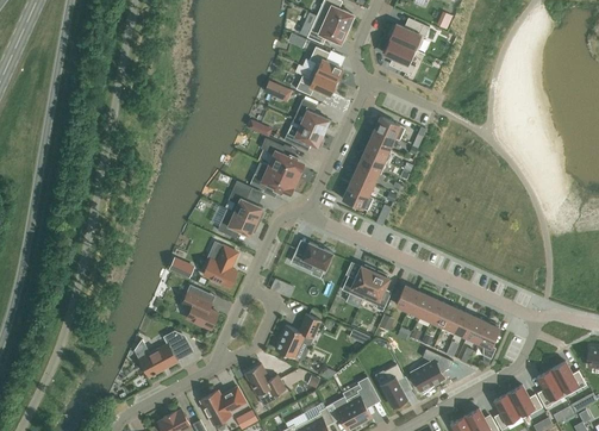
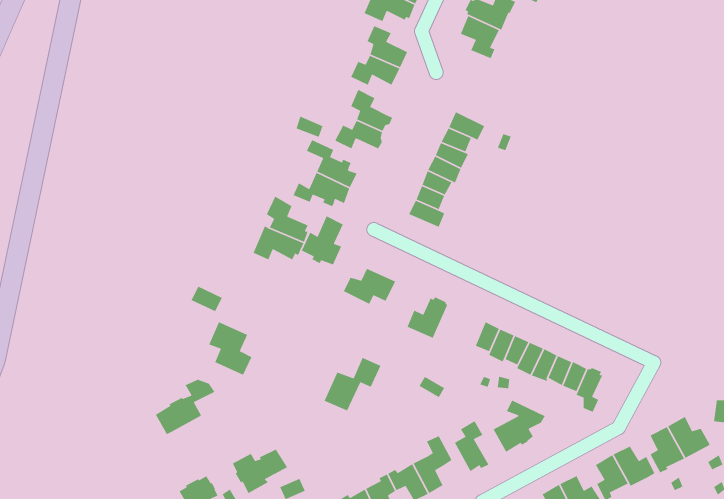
building: [204,245,238,286] -> [301,215,344,266]
building: [363,270,391,311] -> none
building: [245,363,286,396] -> none

